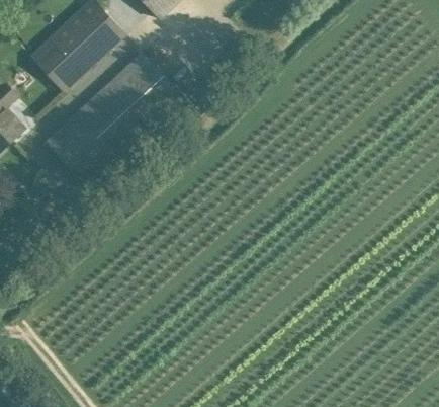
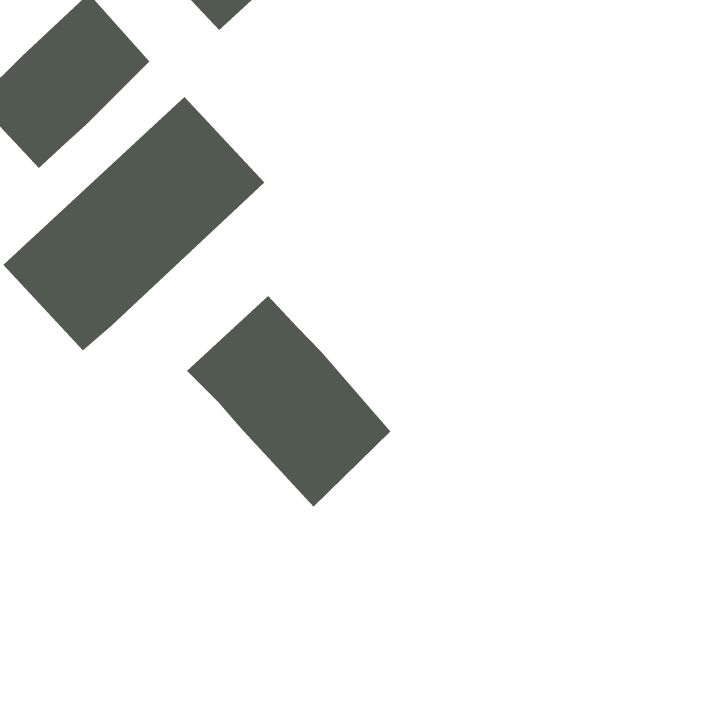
building: none -> [186,295,391,507]

